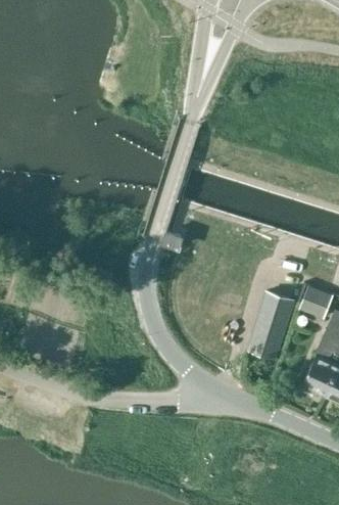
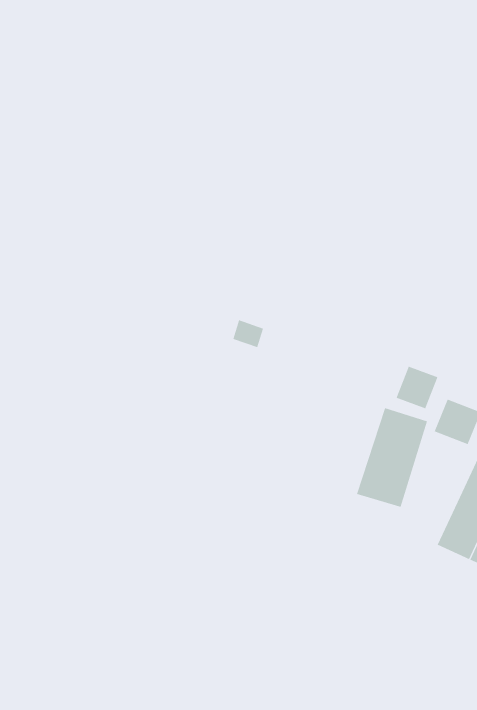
building: none -> [396,366,438,409]

